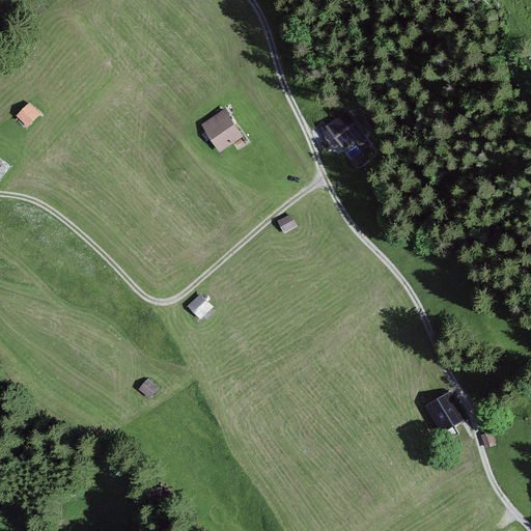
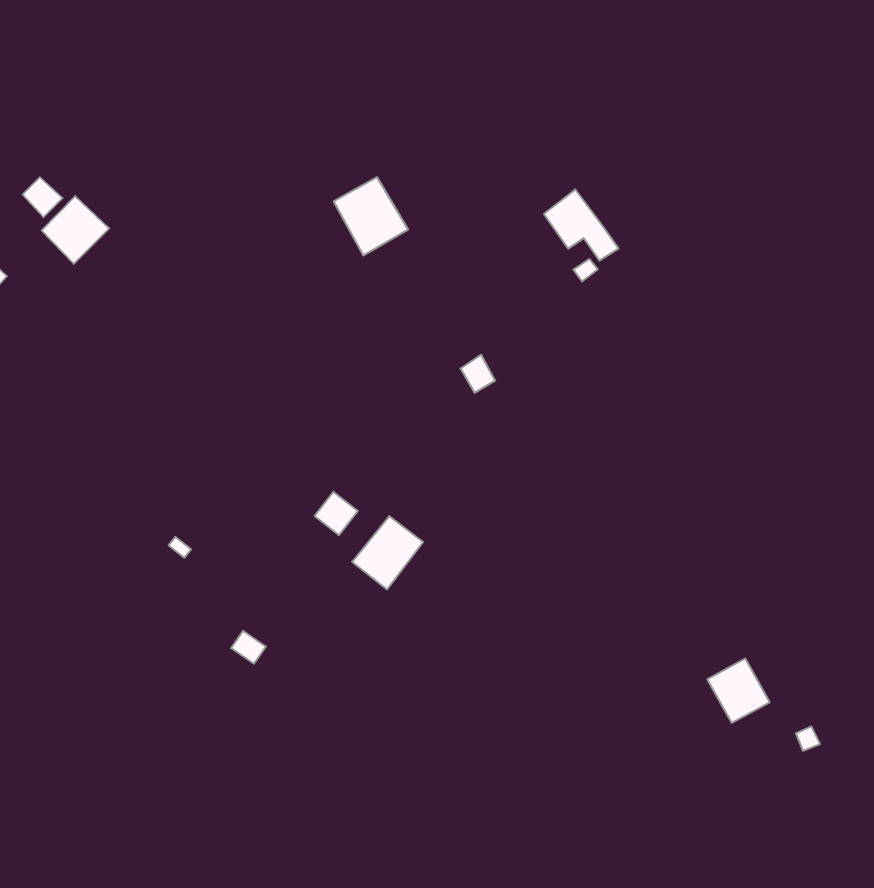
building: none -> [42,196,109,264]
building: none -> [352,516,423,589]

